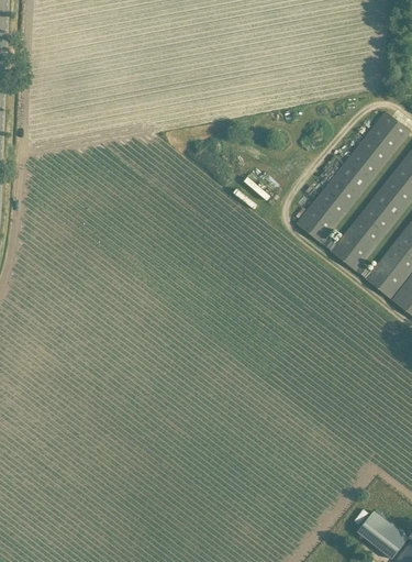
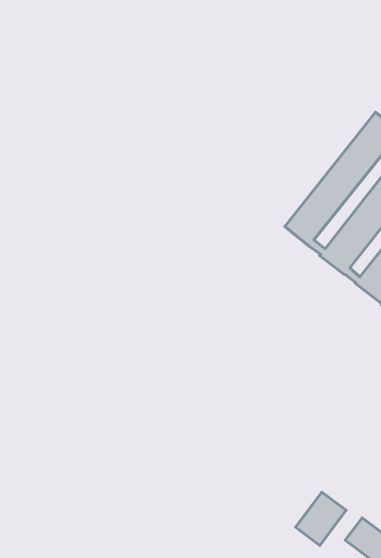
building: none -> [296,492,346,545]

